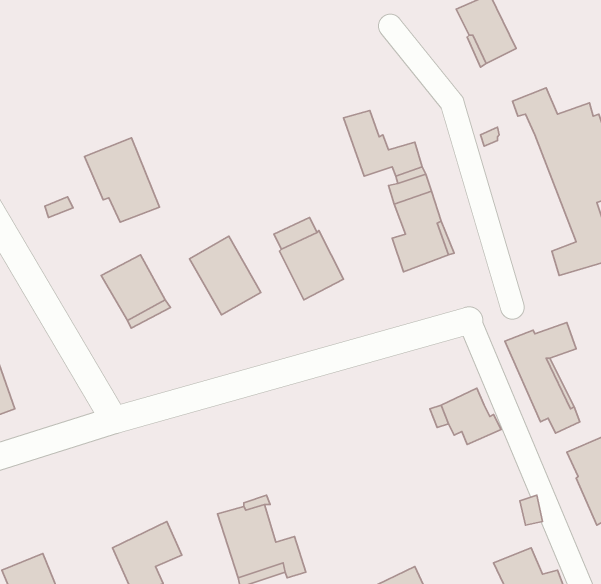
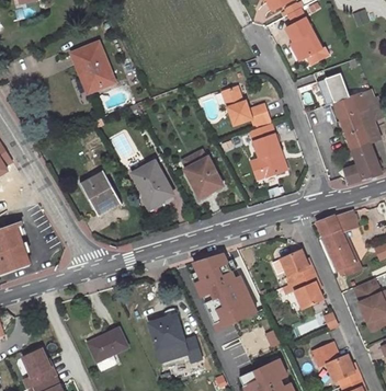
building: [85,138,160,222] -> [70,43,114,92]
building: none -> [190,252,257,329]
building: none -> [293,274,321,308]

